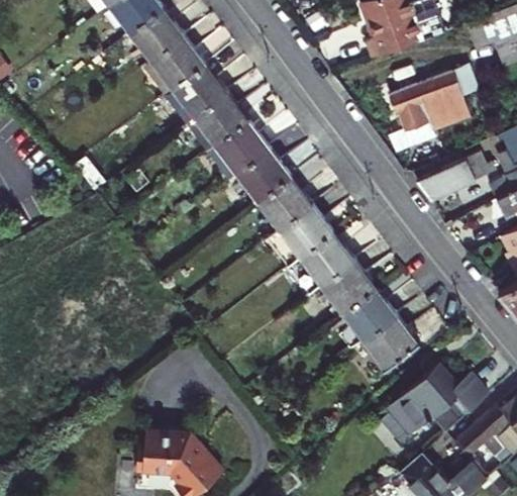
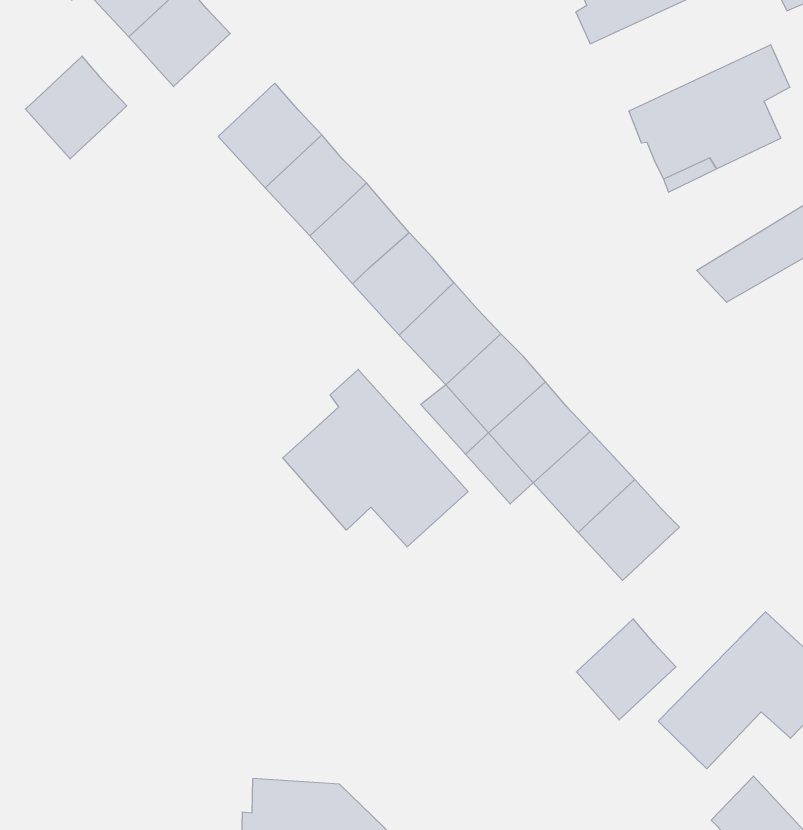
building: [150,35,204,89] -> [25,56,127,159]
building: none -> [283,369,468,547]
building: [364,316,416,369] -> [576,619,676,720]

